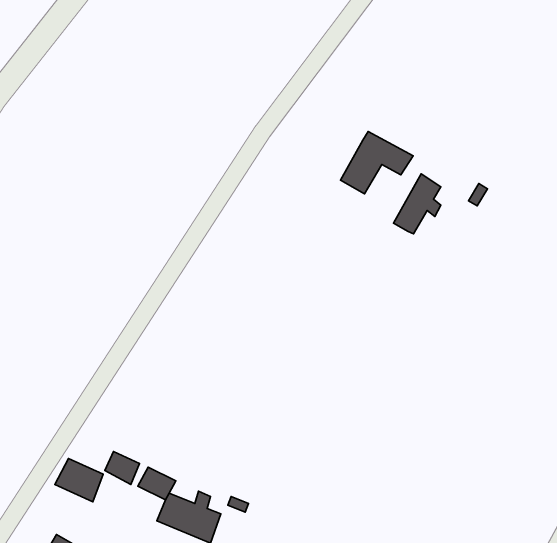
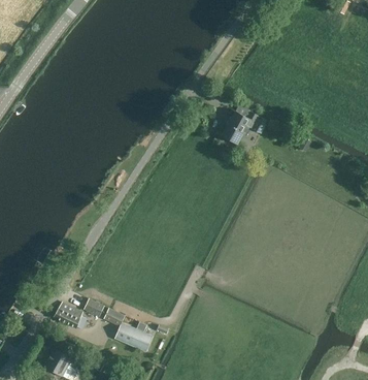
building: [393,174,441,234] -> none

